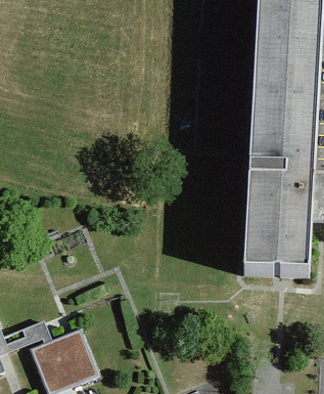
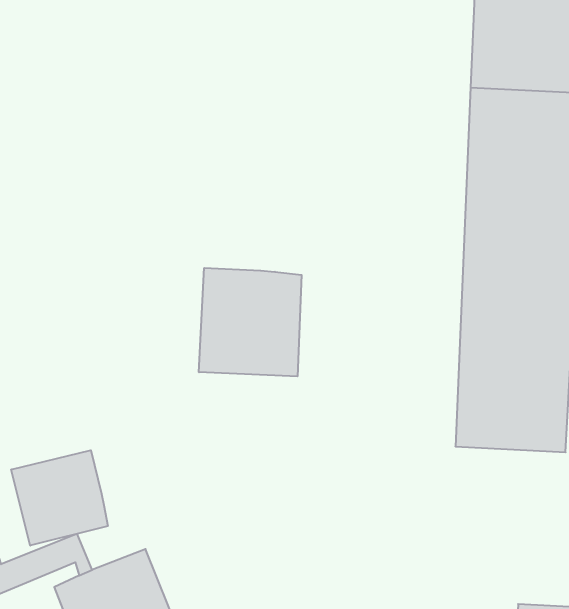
building: none -> [199,268,302,376]
building: none -> [11,450,108,546]

